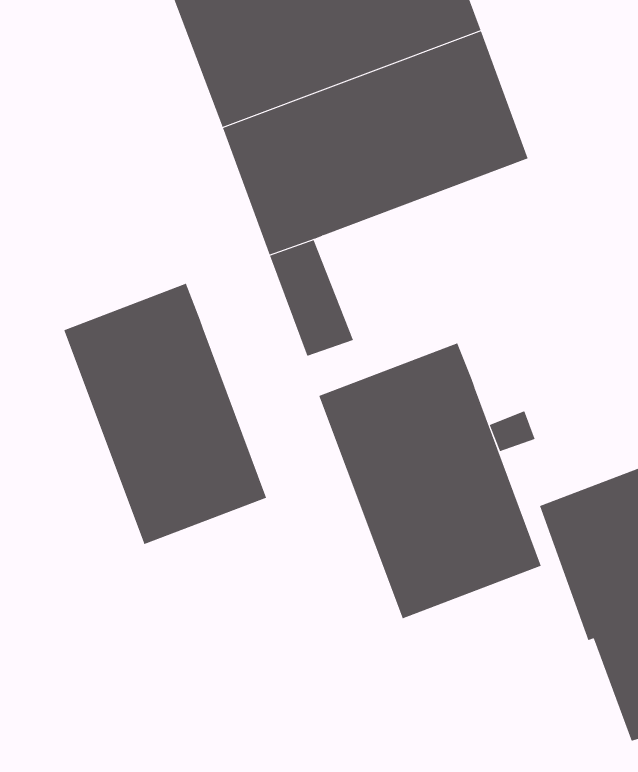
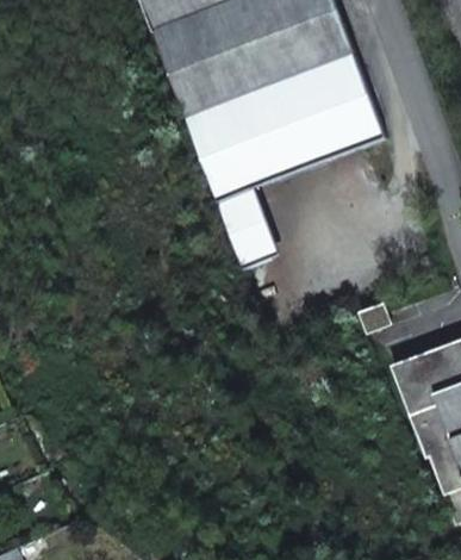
building: [63,283,267,545] -> none
building: [319,343,541,619] -> none

